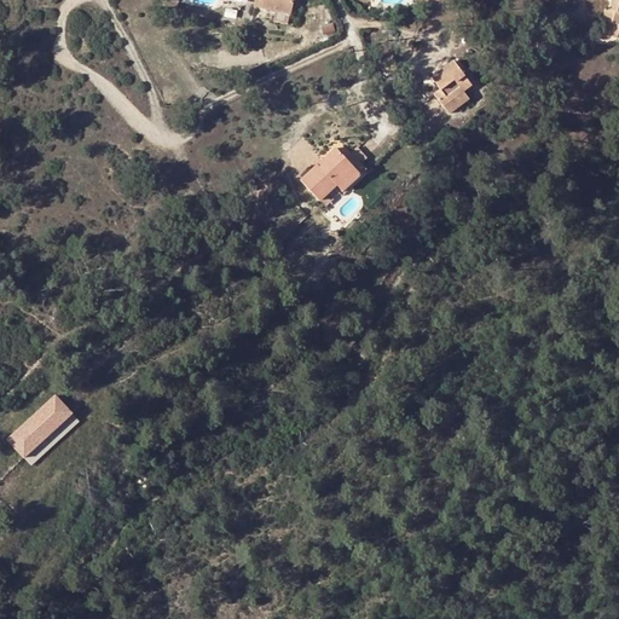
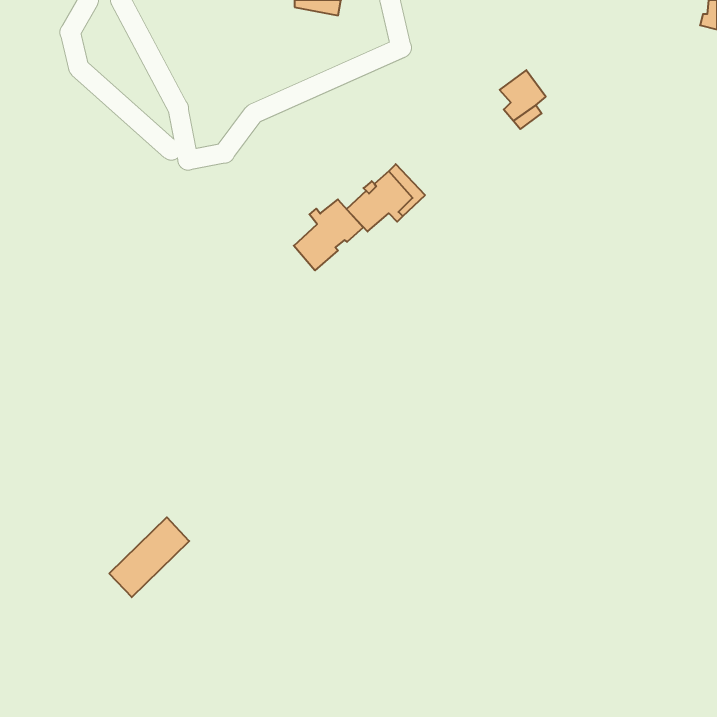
building: none -> [294,199,363,270]
building: [11,392,80,461] -> [109,517,189,597]

